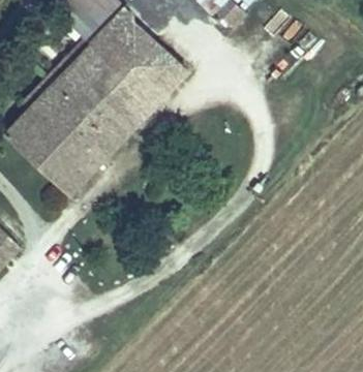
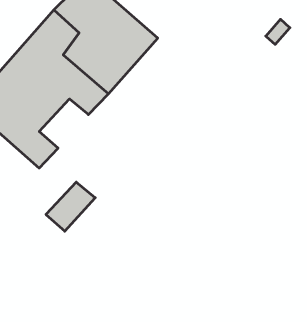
building: [69,124,118,173] -> [46,182,95,231]

